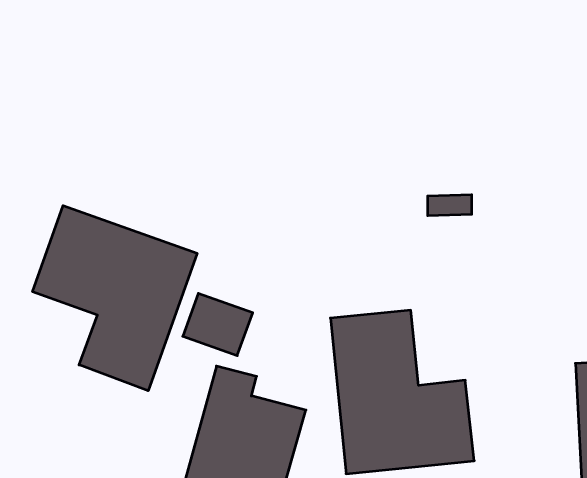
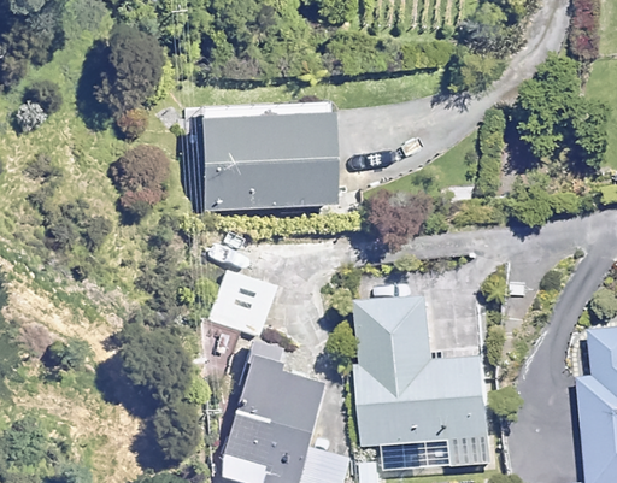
building: none -> [201,107,331,210]
building: [33,206,197,391] -> none

